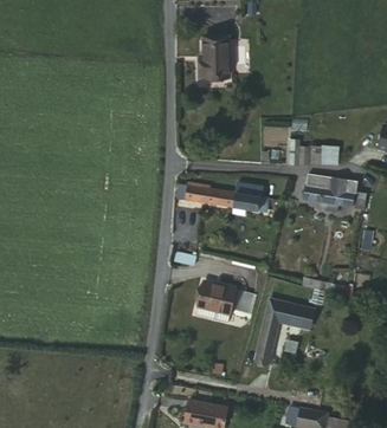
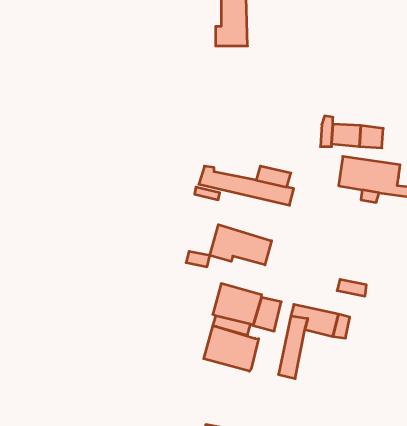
building: none -> [210,225,272,265]
building: none -> [204,326,259,371]

